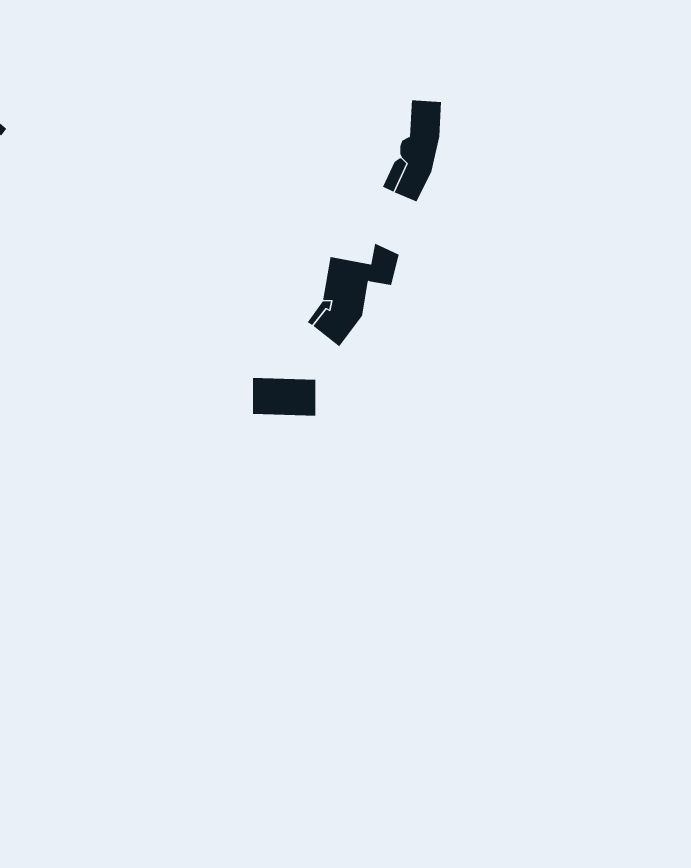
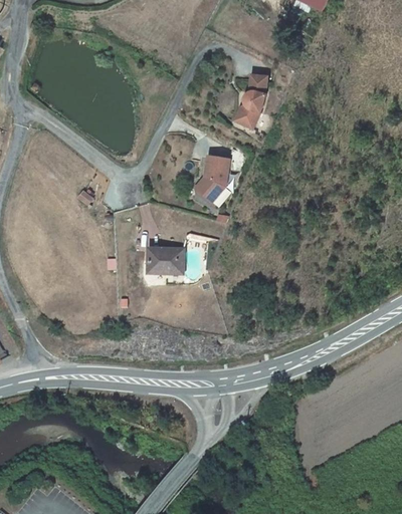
building: [252,378,316,416] -> [149,252,182,272]

